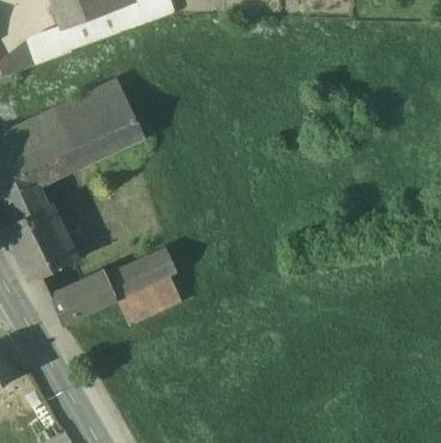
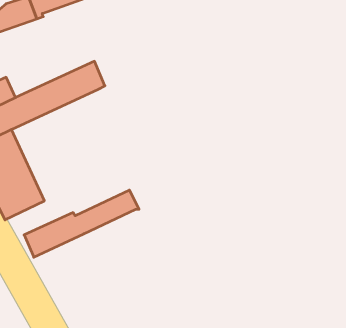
building: [29,80,128,145] -> none
building: [116,271,187,322] -> none

